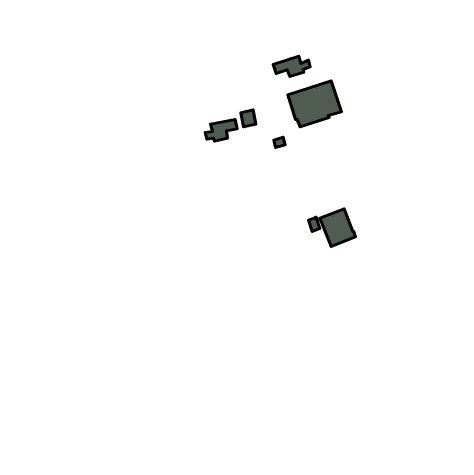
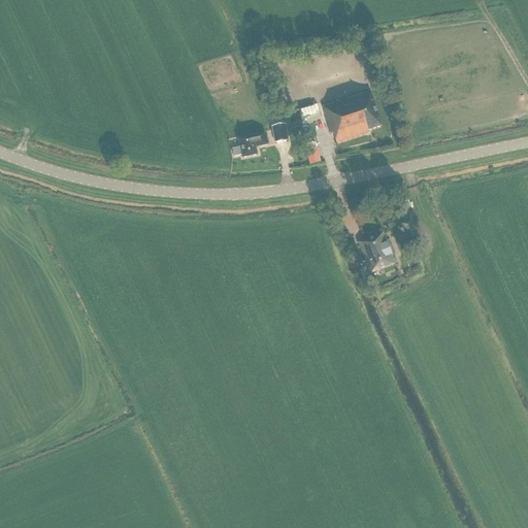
building: [273,56,310,77] -> none

